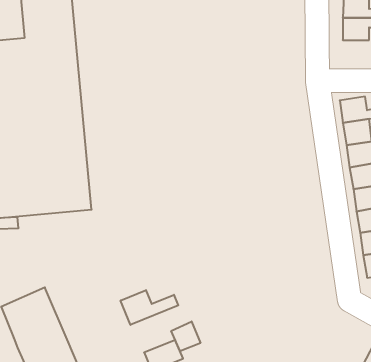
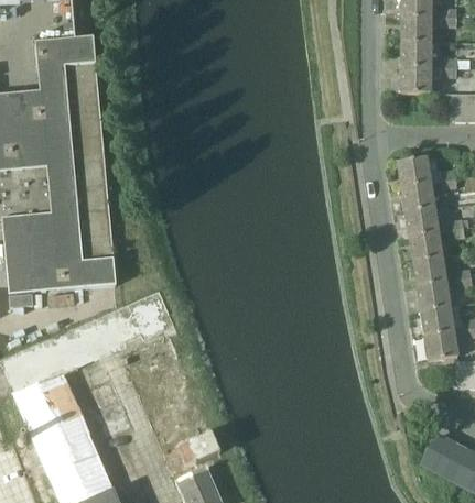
building: [121,290,178,325] -> none
building: [171,321,200,351] -> none

